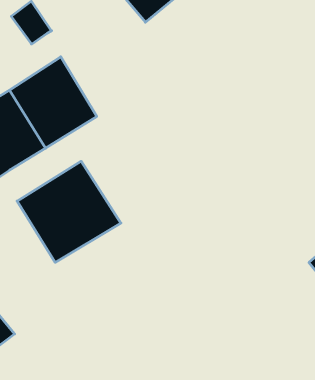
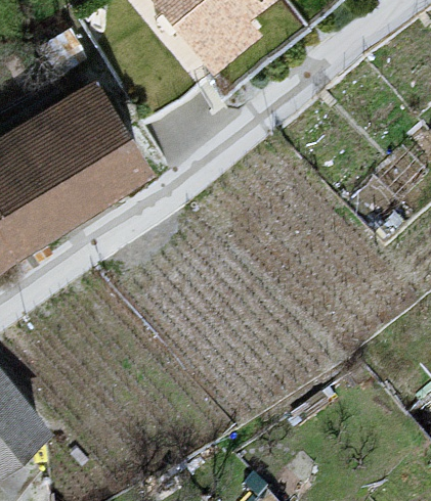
building: [17,161,121,262] -> none

